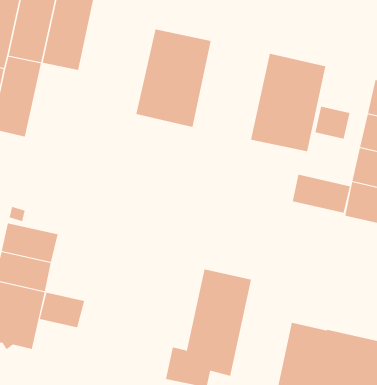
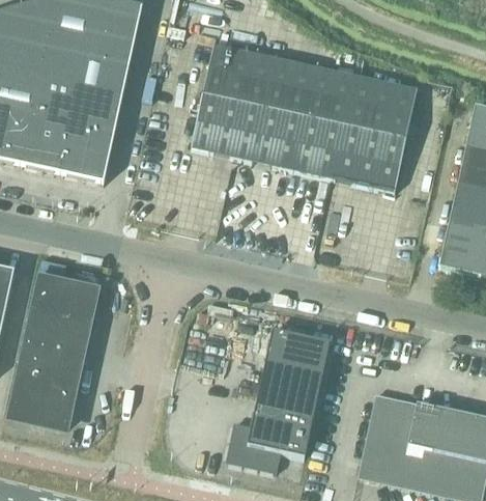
building: none -> [259,58,349,175]
building: none -> [60,84,123,182]
building: [315,106,350,139] -> none
building: [292,174,351,213] -> none
building: [39,292,85,328] -> none

